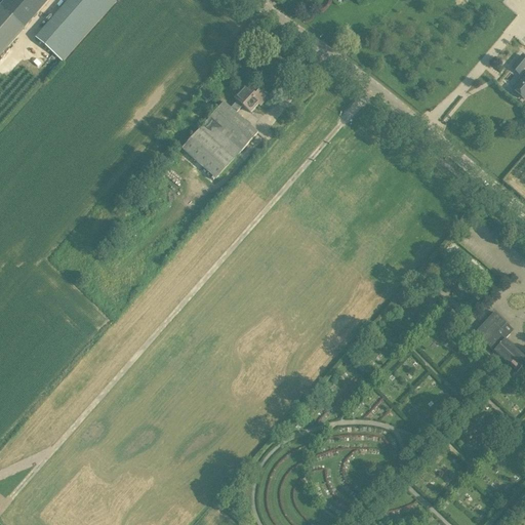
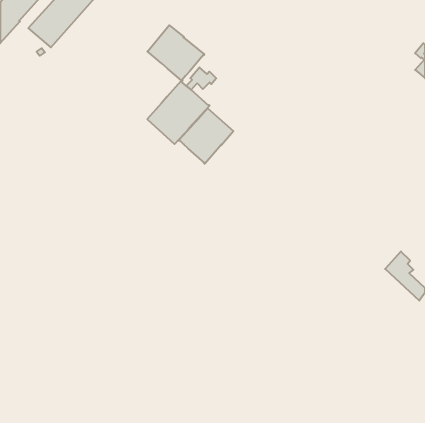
building: none -> [147,25,204,81]
building: none -> [179,108,233,164]

